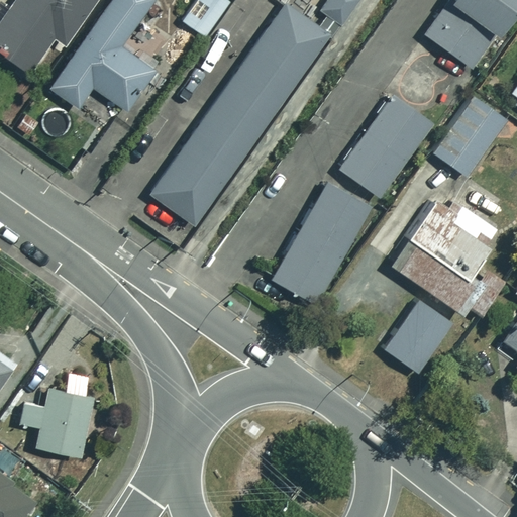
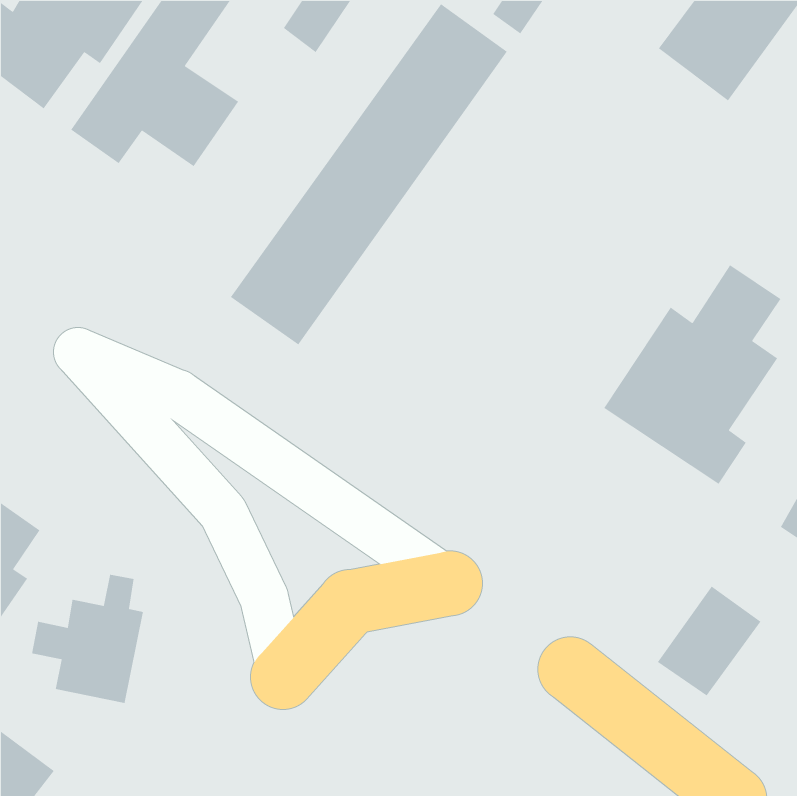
building: [339,95,432,197] -> none
building: [433,96,508,178] -> none
building: [272,181,372,305] -> none
building: [384,300,451,372] -> [657,586,762,697]

